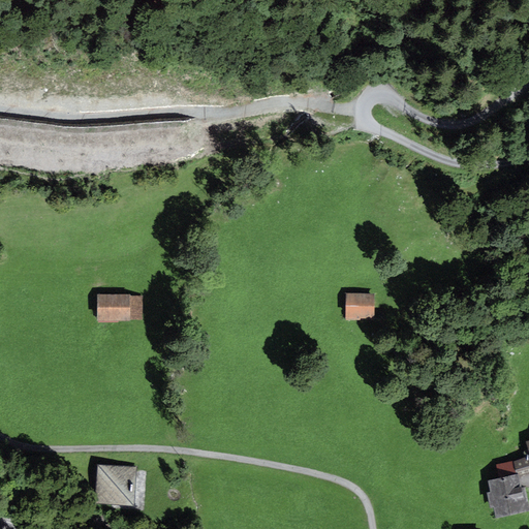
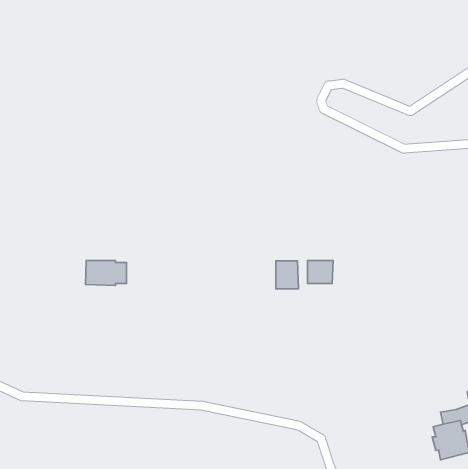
building: none -> [276,261,298,289]
building: [97,465,137,505] -> none

